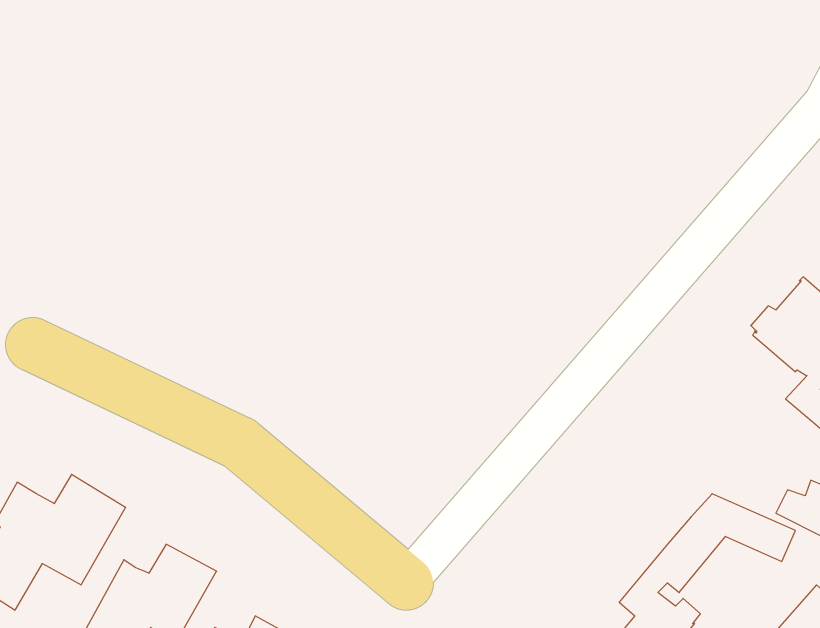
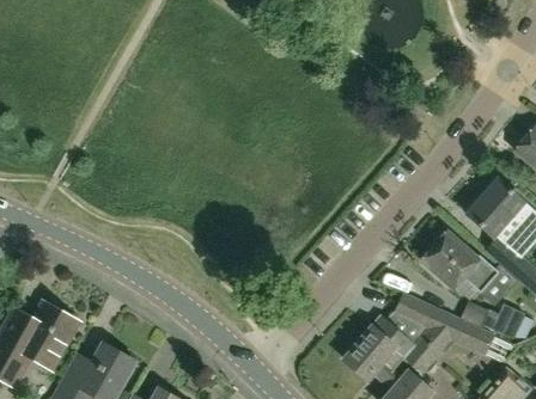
building: none -> [426,235,500,300]
building: none -> [397,295,443,327]
building: none -> [345,317,415,380]

